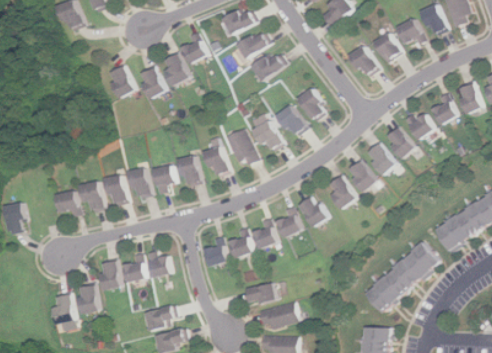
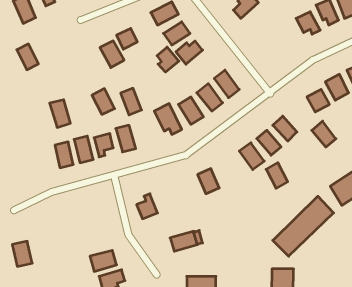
building: [370,32,399,63] -> none
building: [346,45,376,78] -> none
building: none -> [157,47,179,72]
building: [108,66,134,97] -> [17,44,38,70]
building: [137,67,164,98] -> [92,89,115,114]
building: [384,127,413,158] -> [312,121,336,147]
building: [204,146,229,178] -> [121,88,142,115]
building: [77,181,102,214] -> [50,100,70,127]
building: [52,190,76,216] -> none
building: [299,195,325,226] -> [266,163,288,188]
building: [252,218,276,249] -> none
building: [229,228,252,257] -> none
building: [146,251,170,277] -> none
building: [122,254,145,282] -> none
building: [100,260,121,289] -> none
building: [79,284,100,314] -> none
building: [258,301,297,331] -> none

